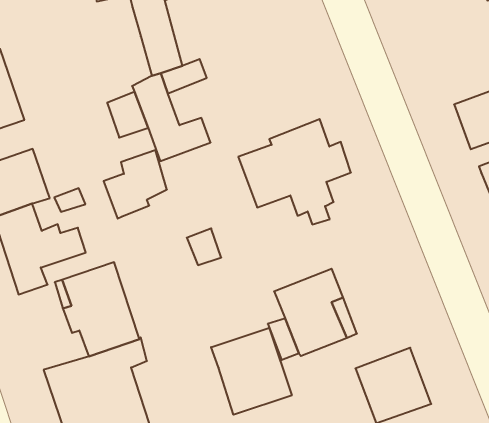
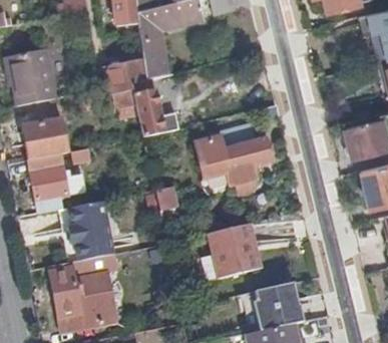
building: [104,150,167,219] -> [105,53,146,95]
building: [211,328,292,415] -> none

